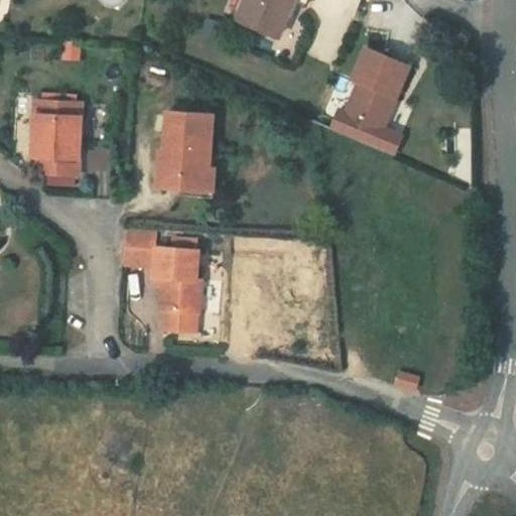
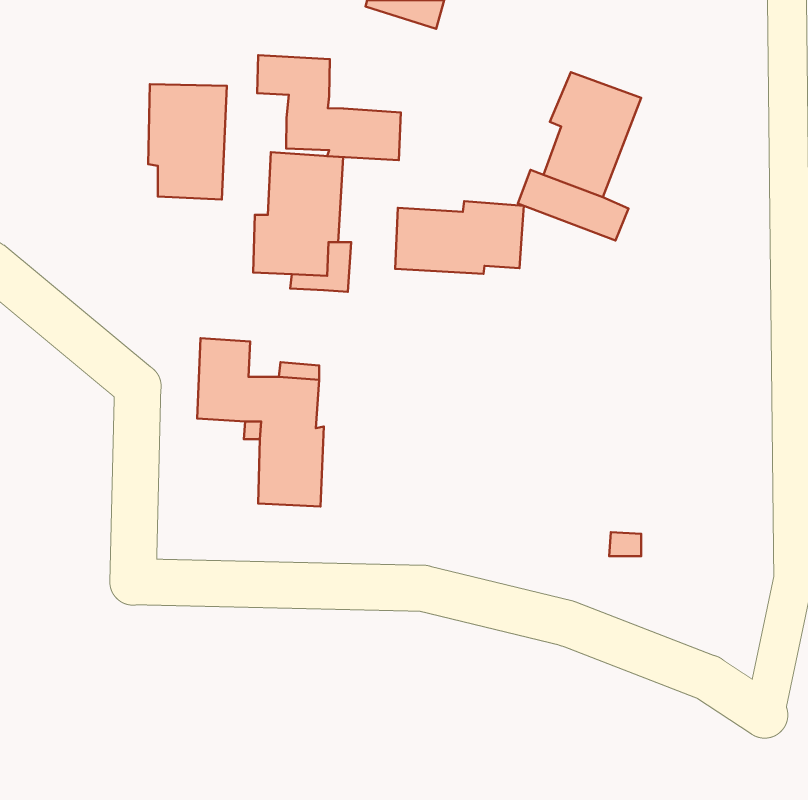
building: none -> [257,55,401,160]
building: [29,99,79,171] -> [148,84,227,200]
building: none -> [395,201,524,274]

